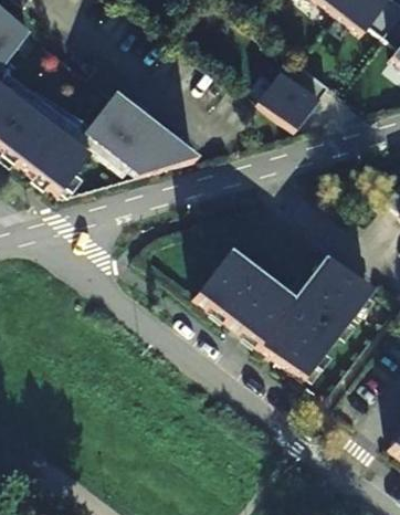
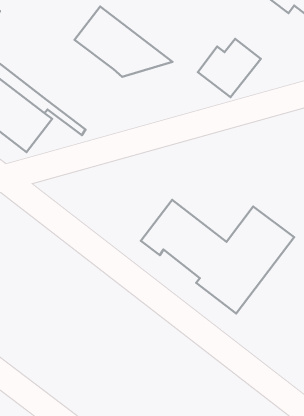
building: [86,92,200,174] -> [74,6,173,77]

